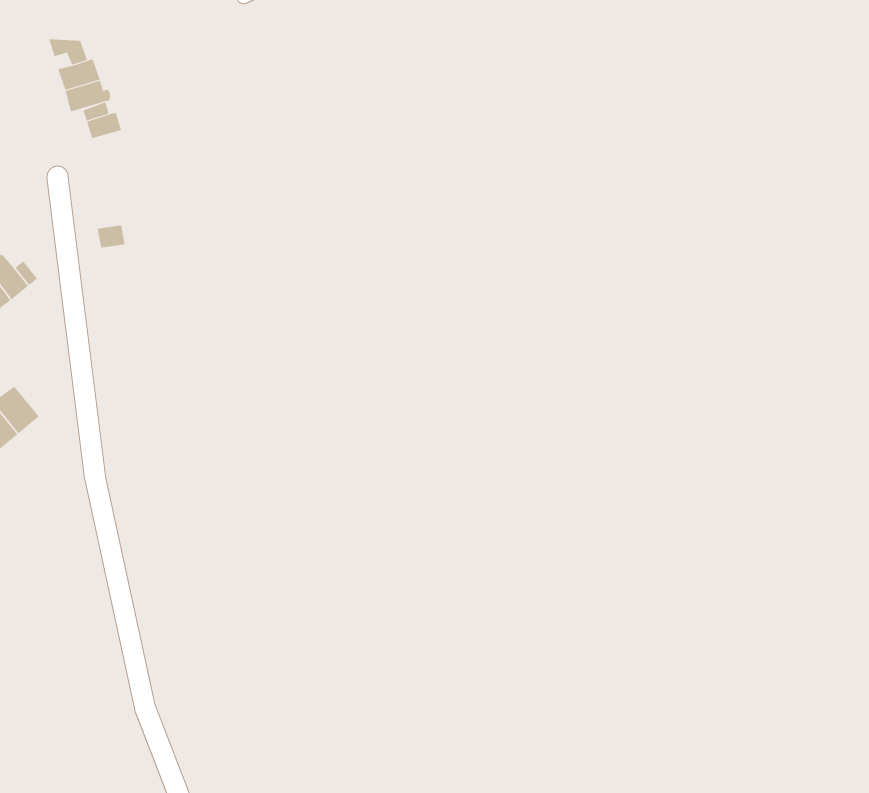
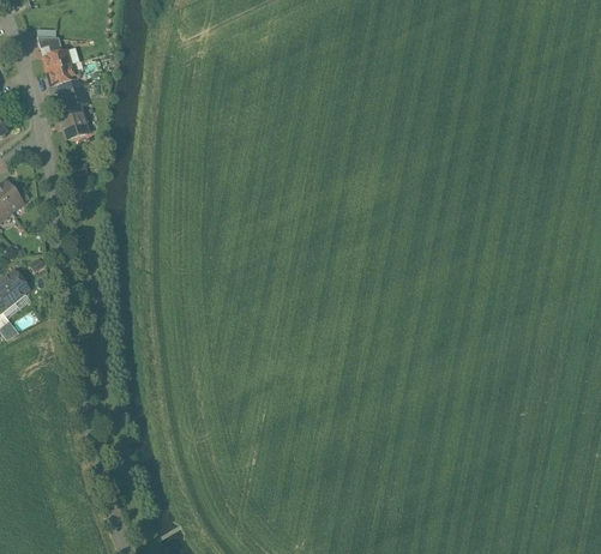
building: none -> [58,104,86,138]

